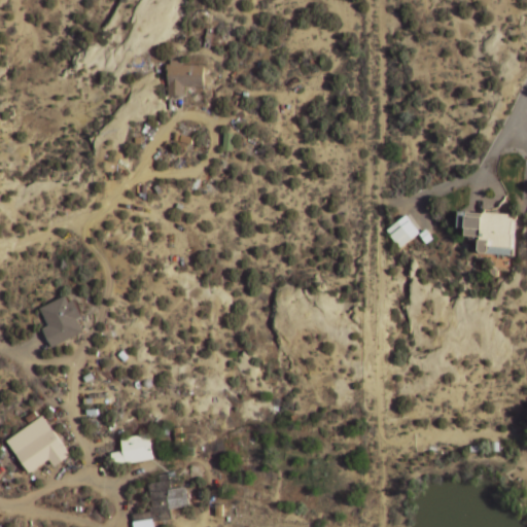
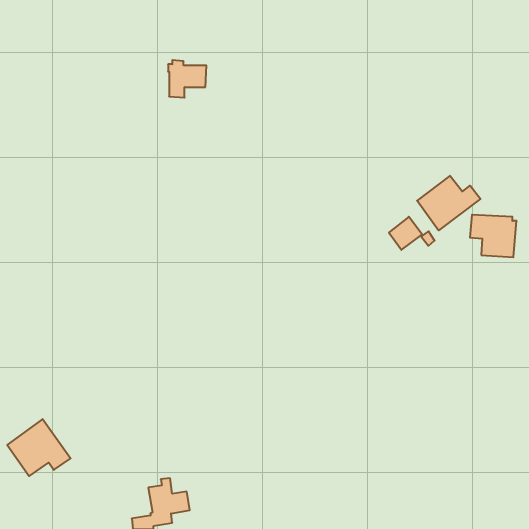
building: none -> [417,176,480,230]
building: [41,296,83,347] -> none
building: [110,434,153,466] -> none

